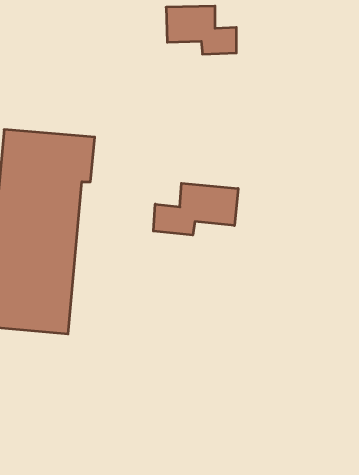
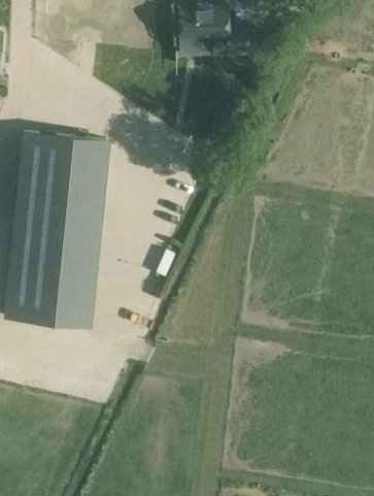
building: [153,183,238,235] -> none

